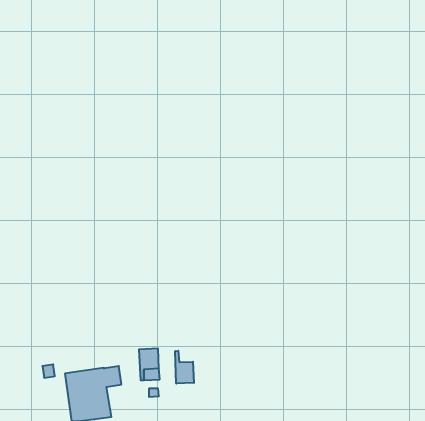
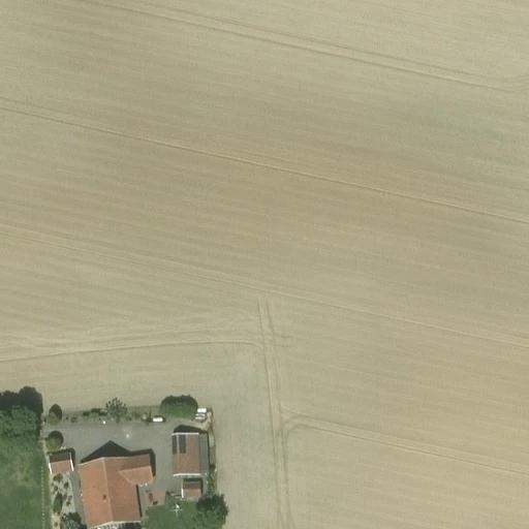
building: [175,351,194,384] -> none

